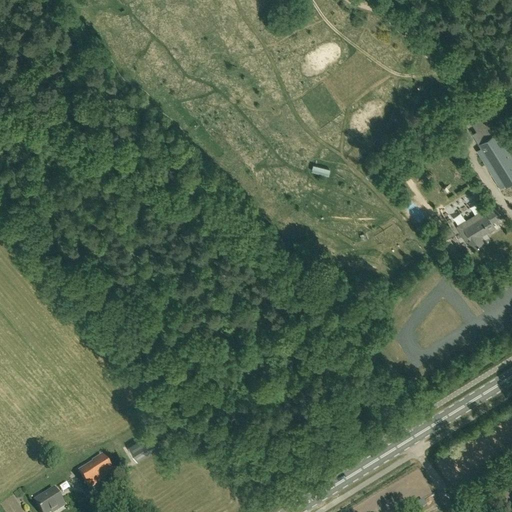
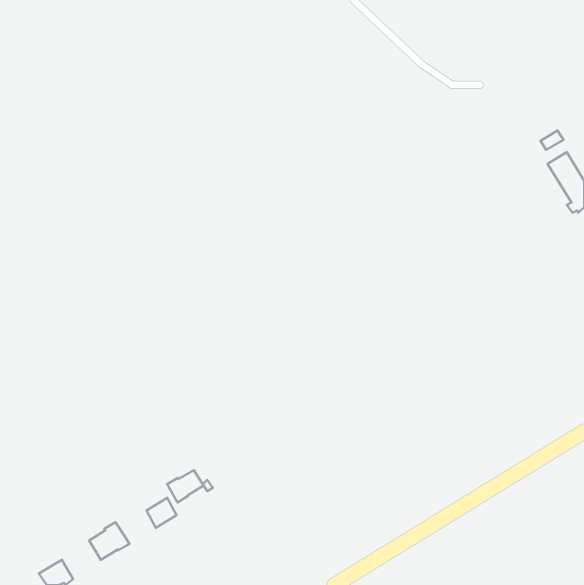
building: [463,205,501,247] -> none
building: none -> [167,470,203,502]

